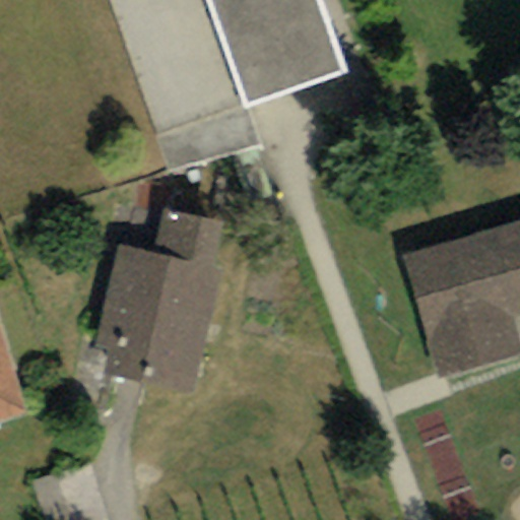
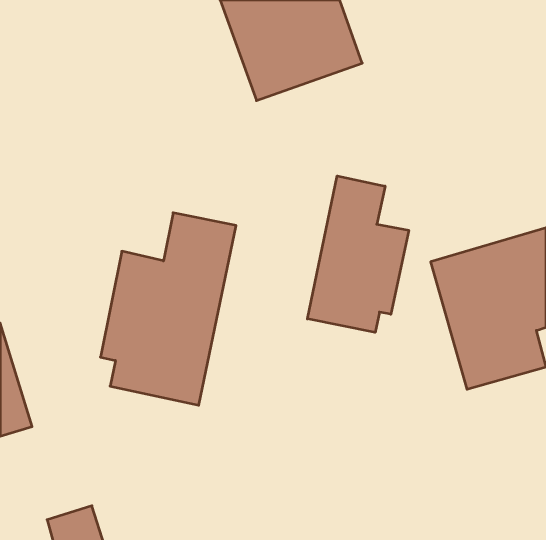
building: none -> [307,176,409,332]

